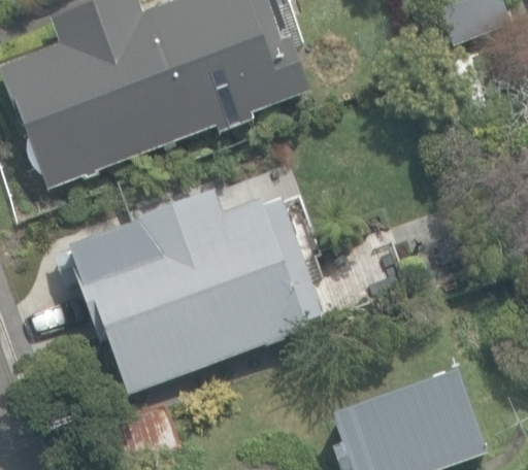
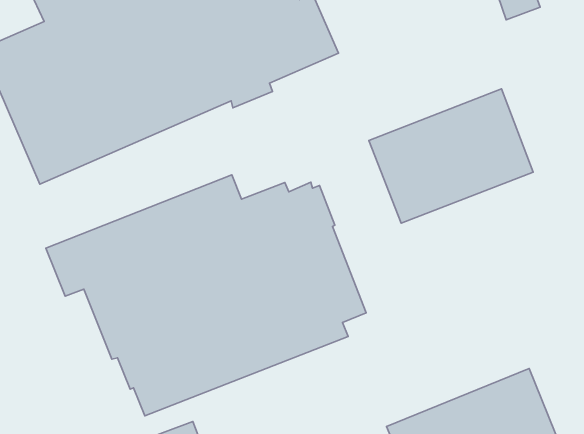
building: none -> [369,89,533,223]

